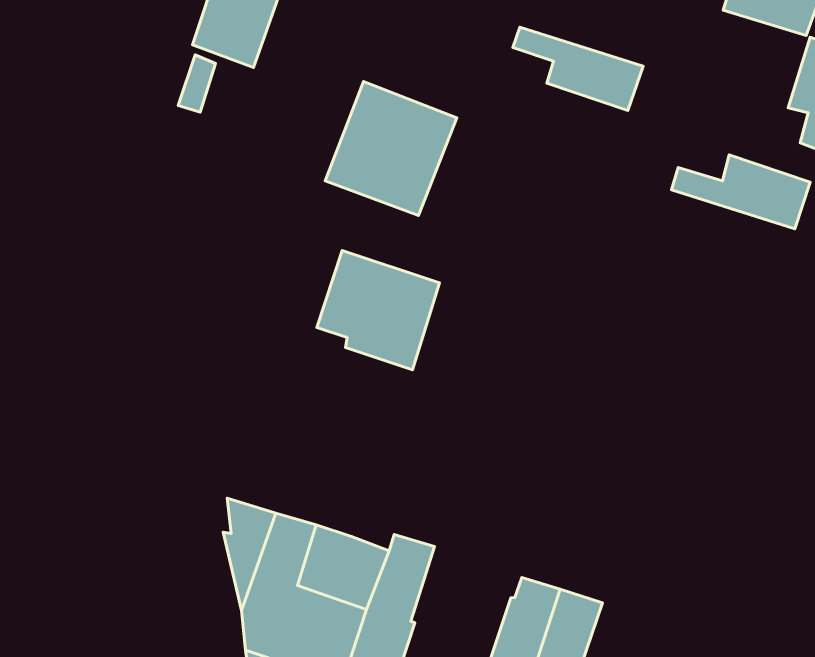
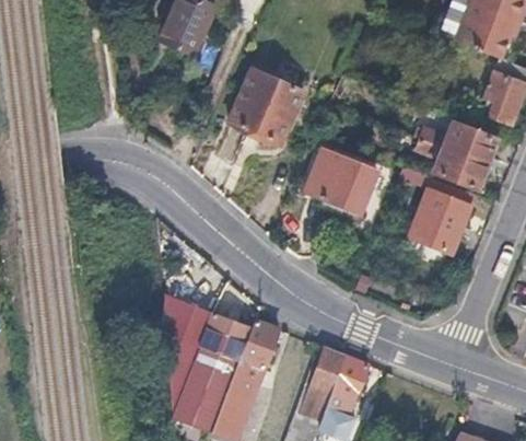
building: [513,27,643,111] -> [414,138,486,187]
building: [317,250,439,370] -> [306,149,375,217]
building: none -> [408,189,469,253]

